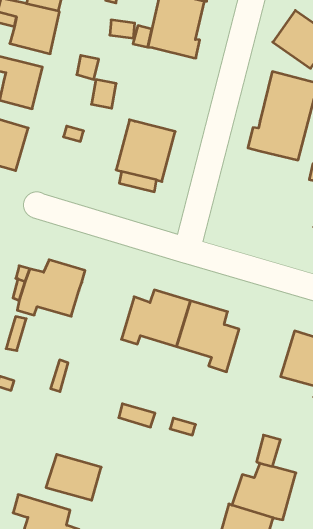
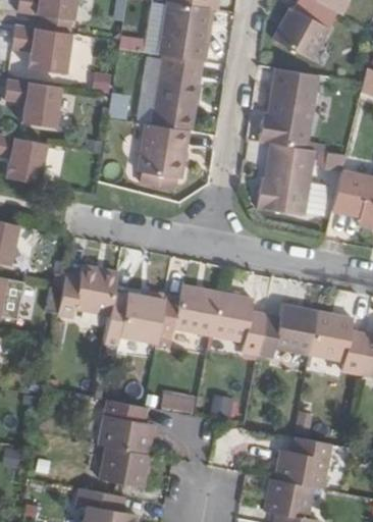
building: none -> [151,58,201,135]
building: none -> [257,146,314,218]
building: none -> [103,291,165,347]
building: none -> [258,304,318,358]
building: none -> [97,401,155,455]

